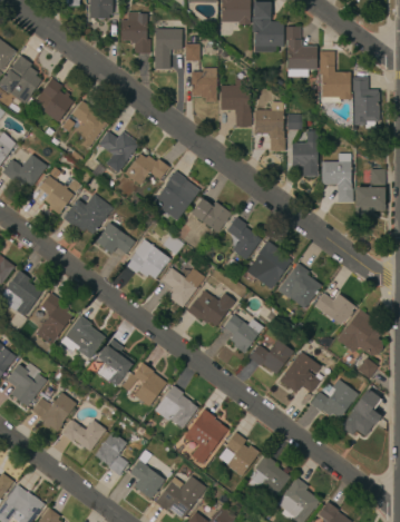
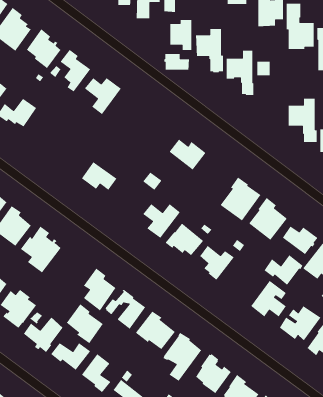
building: none -> [163,53,190,71]
building: [292,129,318,177] -> none
building: [124,152,169,186] -> none
building: [154,170,199,220] -> none
building: [38,175,80,215] -> none
building: [62,193,113,233] -> none
building: [226,217,261,259] -> none
building: [126,239,170,278] -> none
building: [65,315,106,360] -> [66,303,104,344]
building: [250,339,293,374] -> [264,254,303,286]

